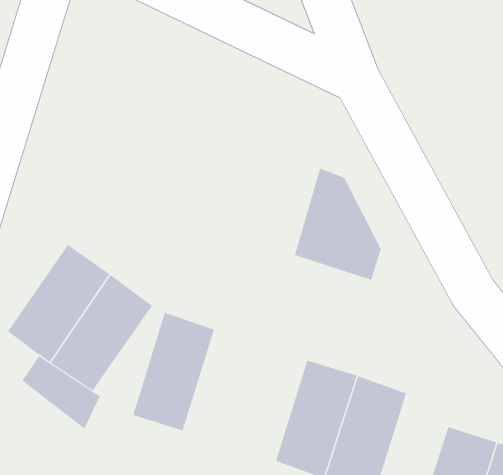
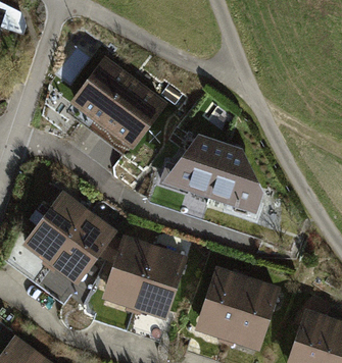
building: none -> [68,55,167,149]
building: none -> [161,135,223,199]
building: none -> [135,247,186,321]

